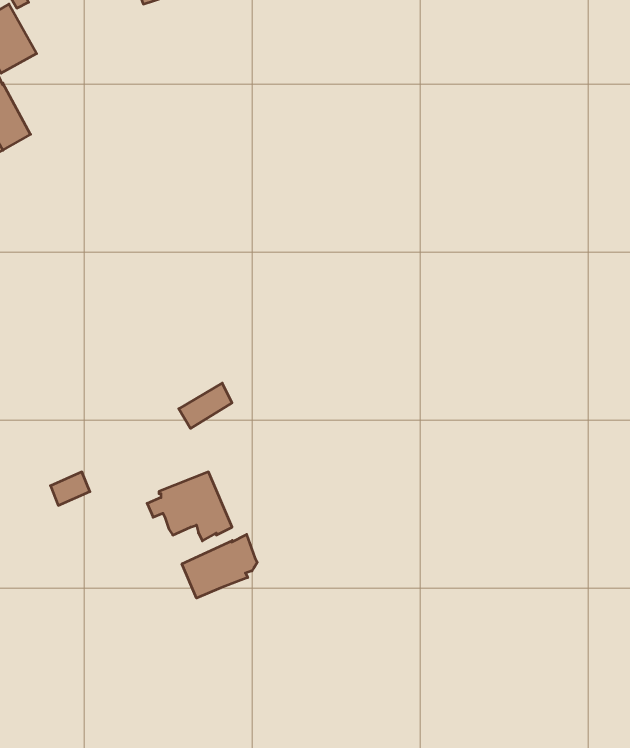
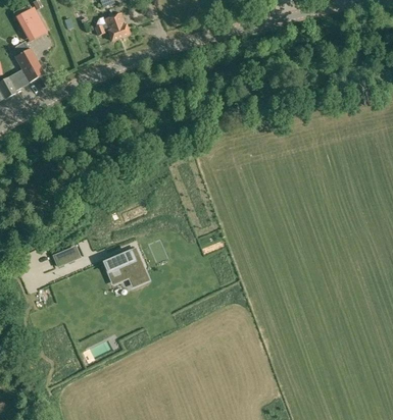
building: none -> [94,12,130,40]
building: [182,534,257,598] -> none

